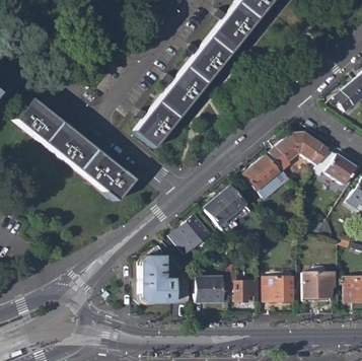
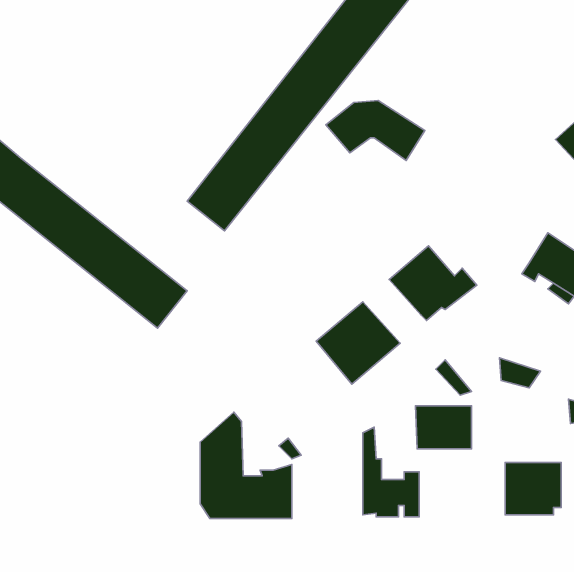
building: [276,132,330,164] -> [326,101,425,160]
building: [170,215,210,252] -> none
building: [197,277,223,302] -> none
building: [265,278,295,301] -> [415,406,471,449]

